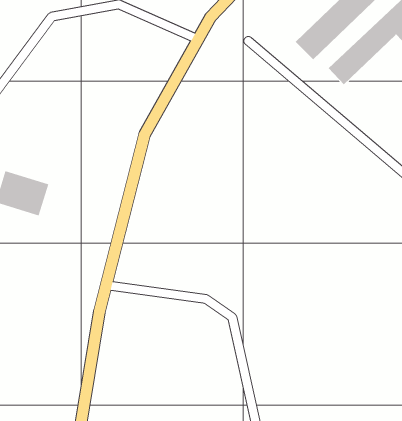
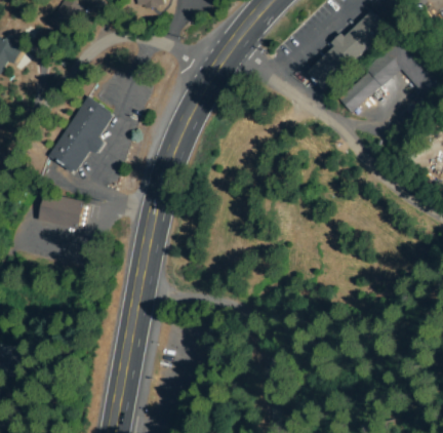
building: none -> [49,97,113,172]

